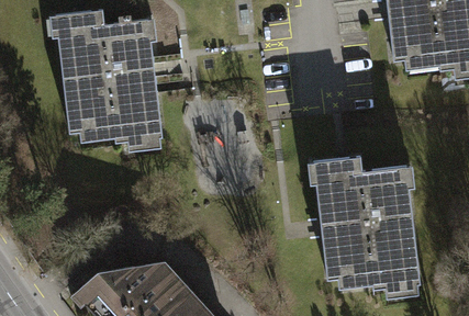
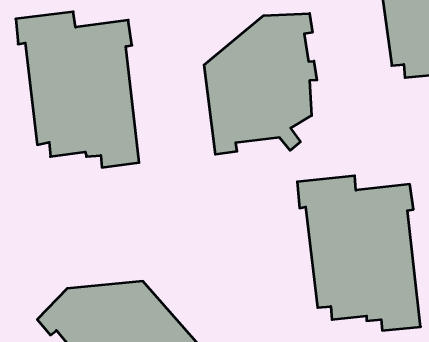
building: none -> [204,13,317,154]

